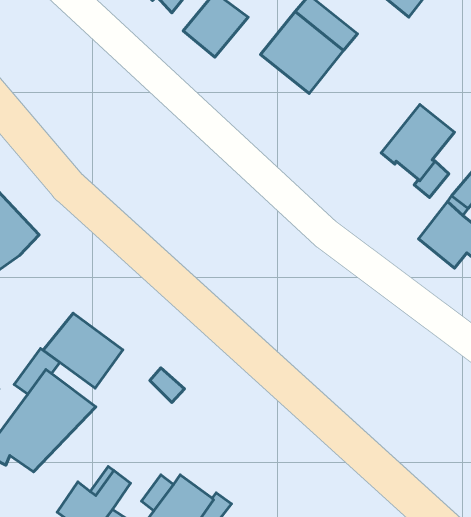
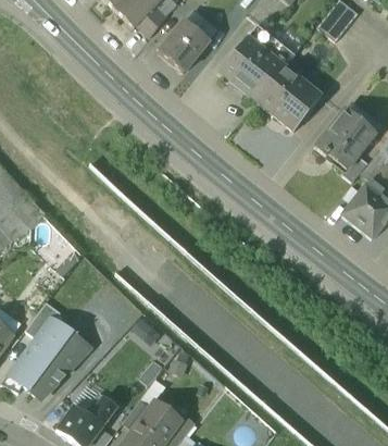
building: none -> [258,66,322,129]
building: [43,313,123,388] -> none

